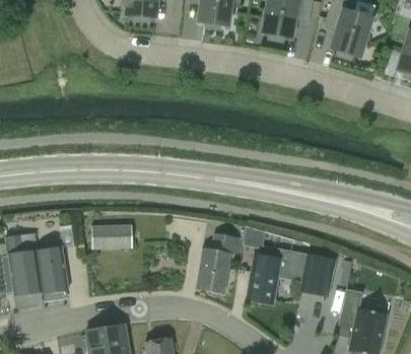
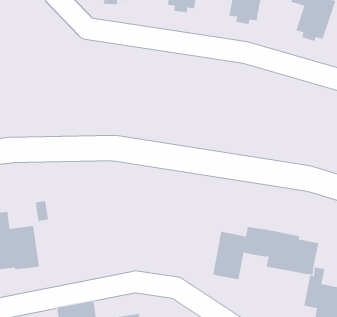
building: [91,223,133,247] -> none
building: [196,233,238,292] -> none

